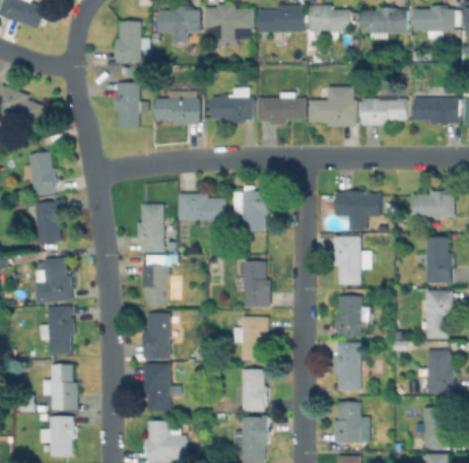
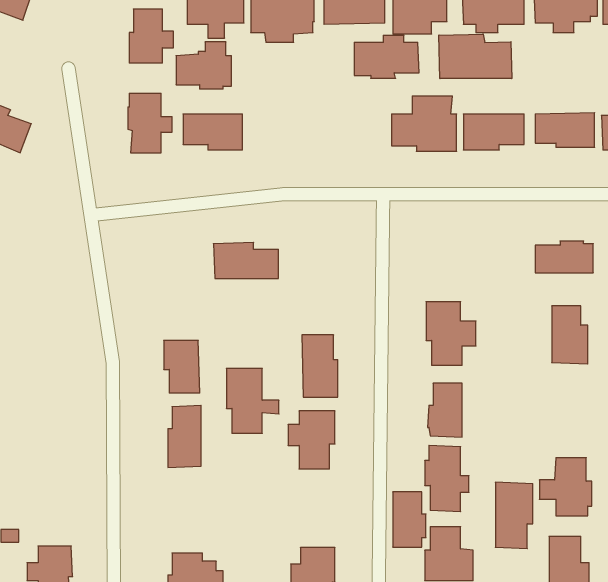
building: none -> [439,34,512,79]
building: [211,87,252,122] -> [176,42,231,89]
building: [257,92,305,124] -> [354,35,419,78]
building: [29,153,55,195] -> none
building: [232,191,267,230] -> none
building: [335,191,381,228] -> none
building: [36,202,62,244] -> none
building: [137,204,163,252] -> none
building: [34,258,72,303] -> none
building: [427,290,455,339] -> [495,482,533,549]
building: [40,306,74,354] -> none
building: [42,363,77,409] -> none
building: [143,363,182,411] -> [226,368,279,433]
building: [242,370,266,410] -> [393,492,426,547]

